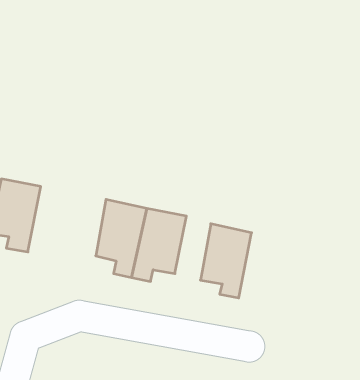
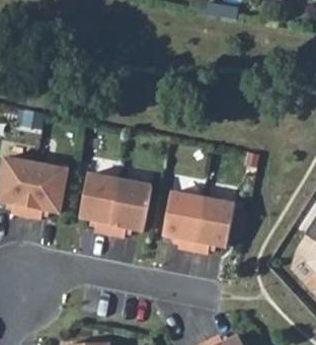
building: none -> [26,163,69,219]
building: none -> [193,200,235,255]

